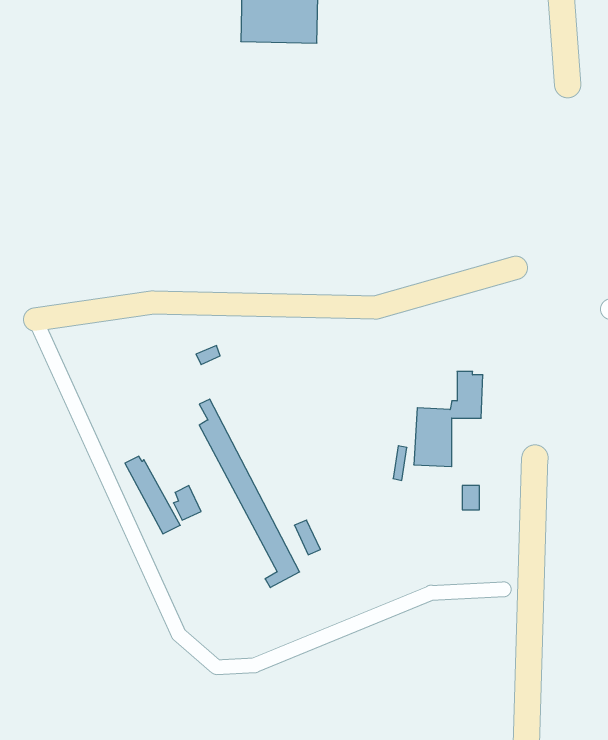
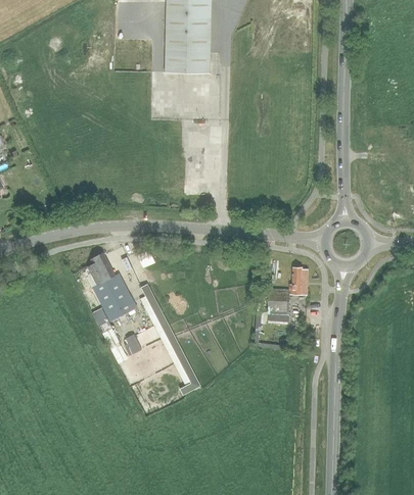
building: none -> [87,251,136,318]

